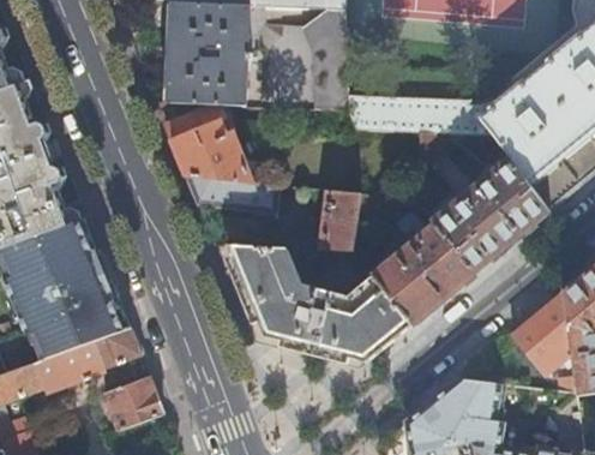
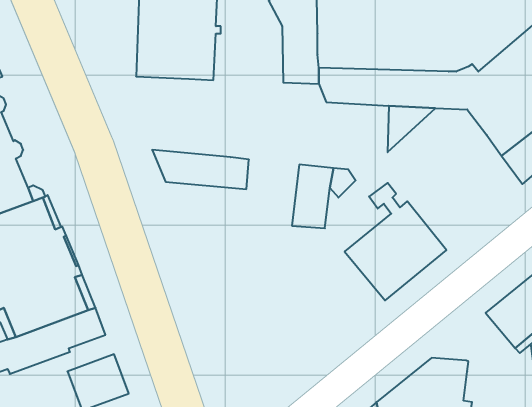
building: [154,102,260,181] -> none
building: [432,160,548,273] -> none
building: [226,243,411,361] -> none

